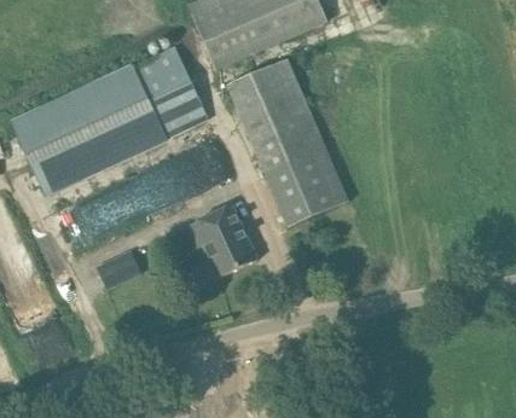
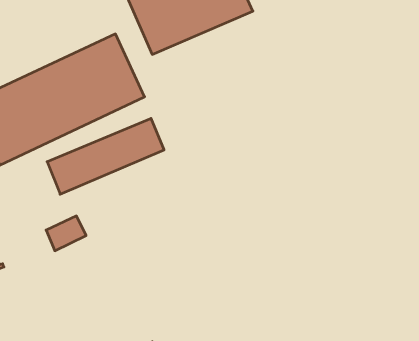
building: [226,58,347,222] -> none
building: [189,204,257,277] -> none

